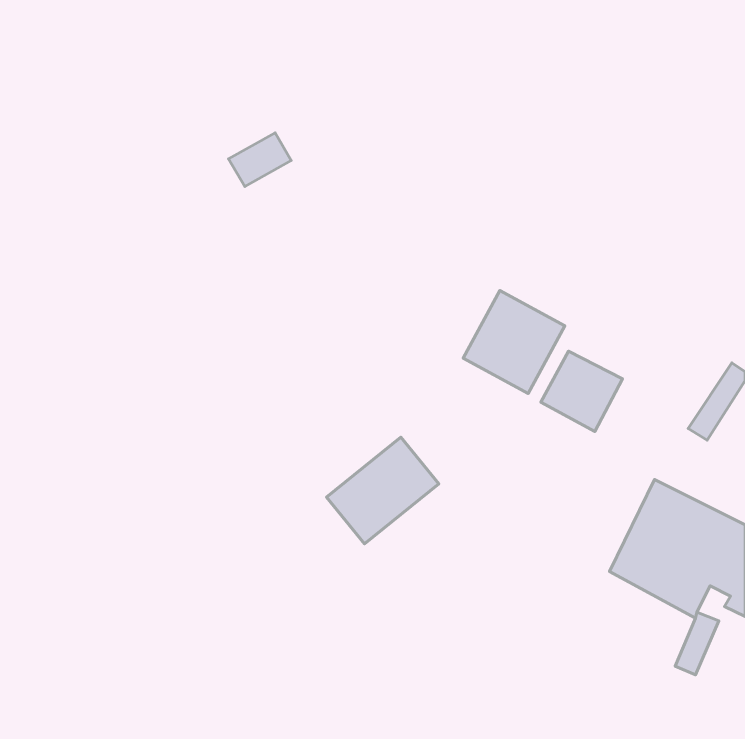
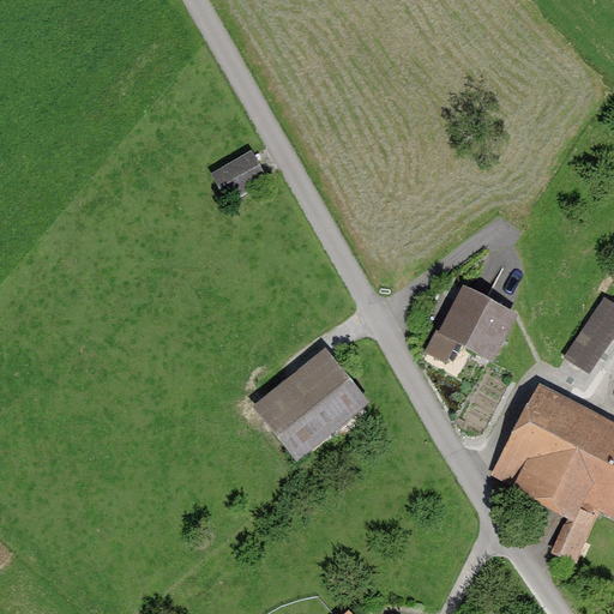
building: [229,133,291,187] -> [213,151,265,195]
building: [463,291,565,394] -> none

